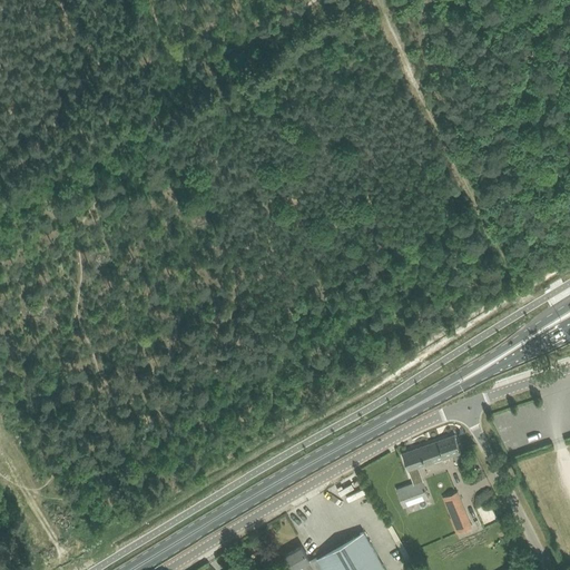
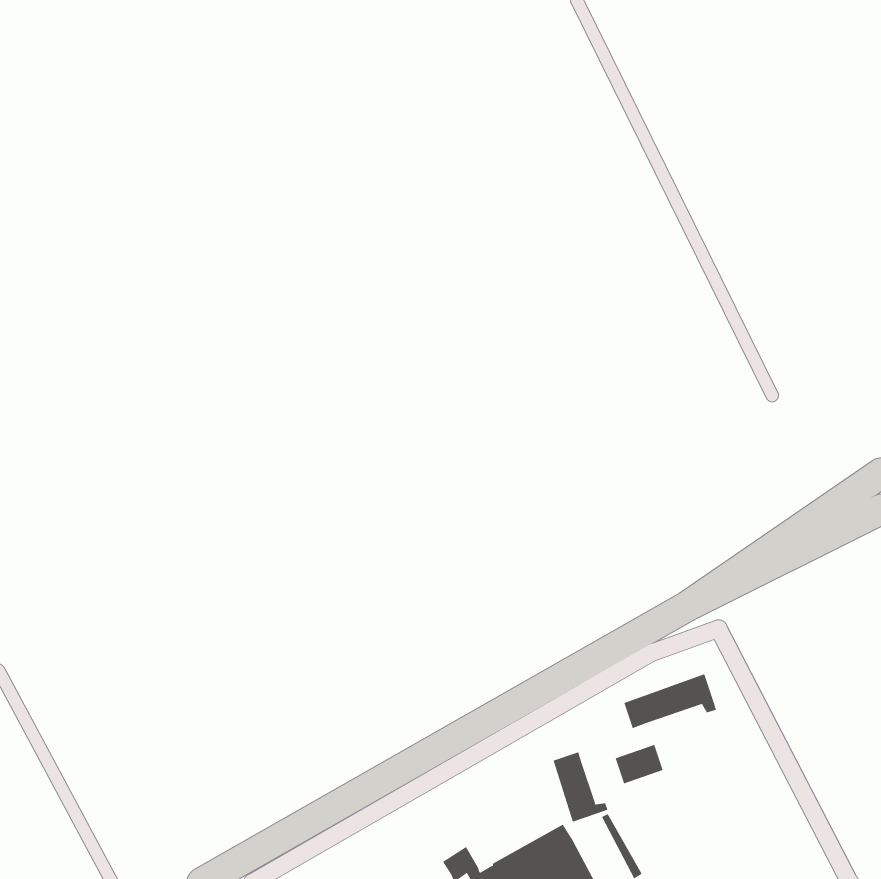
building: none -> [553,751,608,823]
building: [442,493,471,535] -> none

